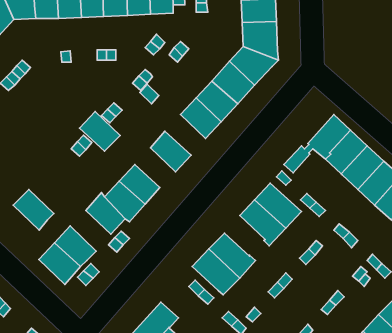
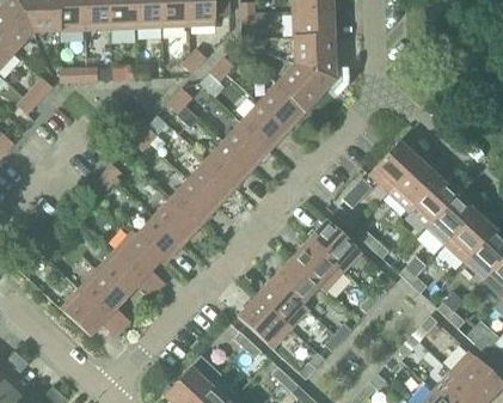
building: [80,111,120,151] -> [171,178,217,224]
building: none -> [206,140,252,187]
building: [13,189,54,230] -> [97,250,143,297]
building: none -> [274,256,320,303]

